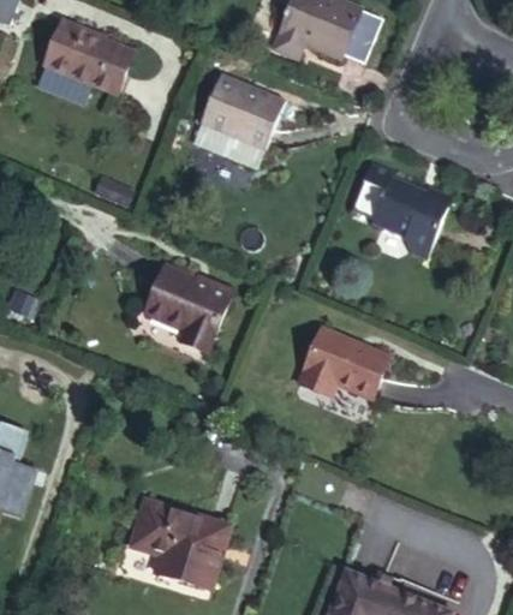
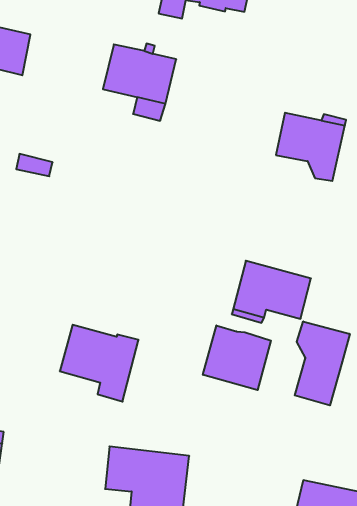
building: [143,262,232,352] -> [60,325,139,402]
building: none -> [203,325,271,390]
building: none -> [295,321,350,405]

